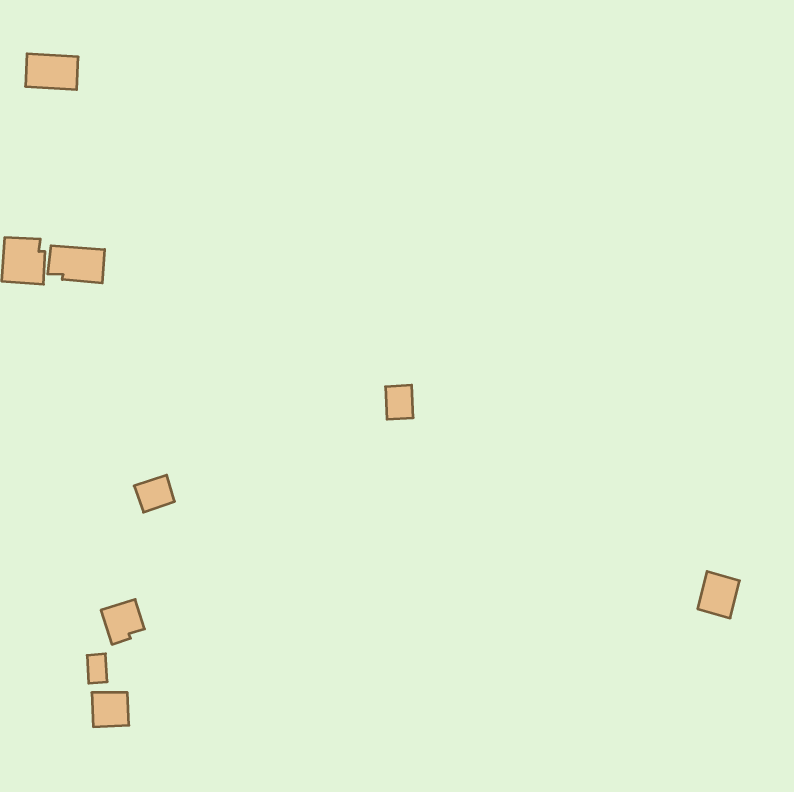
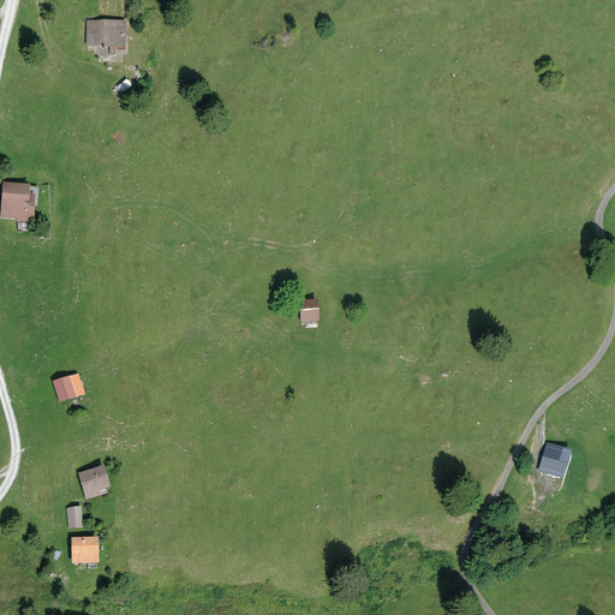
building: [25,54,78,90] -> [85,20,126,48]
building: [48,246,105,283] -> none
building: [134,475,175,512] -> [53,372,84,401]

